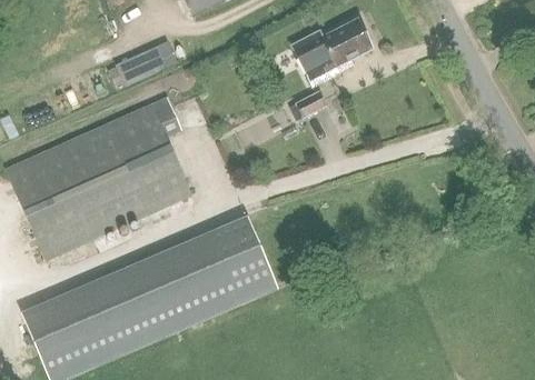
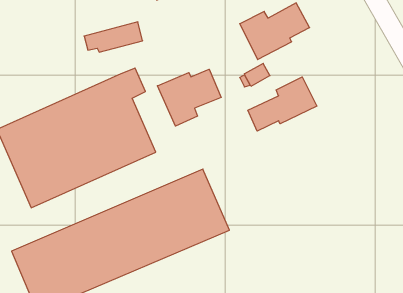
building: none -> [157,69,221,126]
building: none -> [248,77,317,131]

